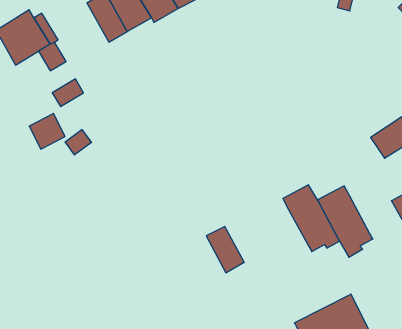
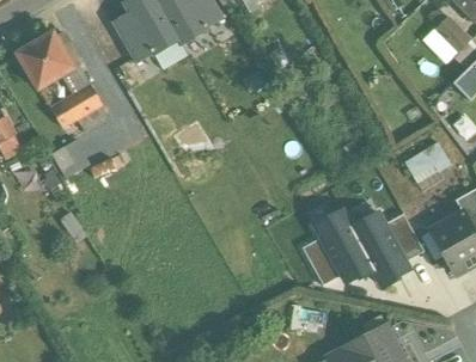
building: none -> [50,84,100,125]
building: none -> [384,214,423,262]
building: [206,227,244,273] -> [301,238,341,286]

